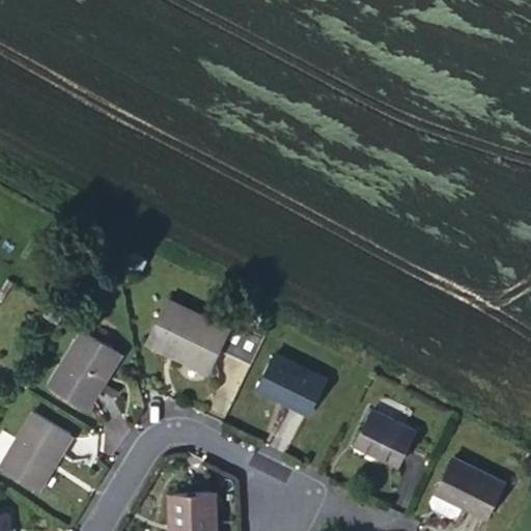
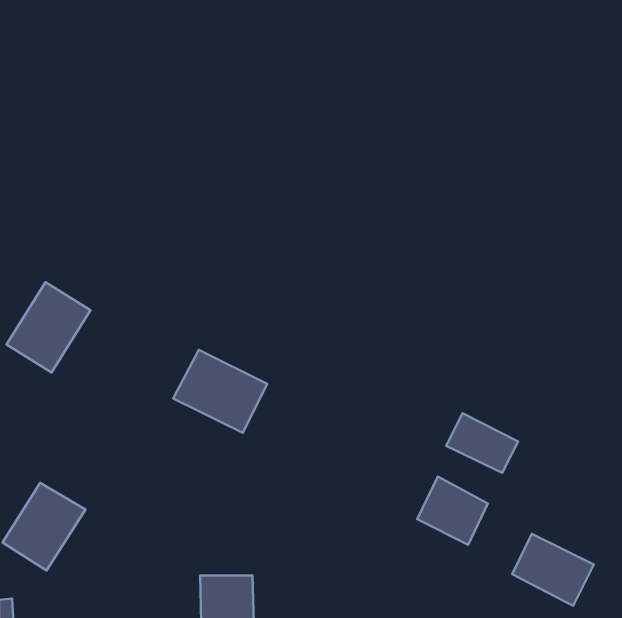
building: [50,332,121,409] -> [6,282,91,372]
building: [257,355,326,415] -> none
building: none -> [446,413,518,473]

